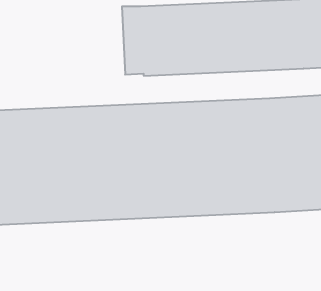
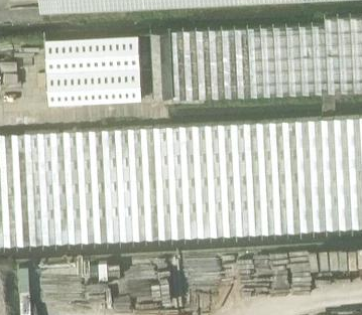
building: none -> [46,36,142,105]

